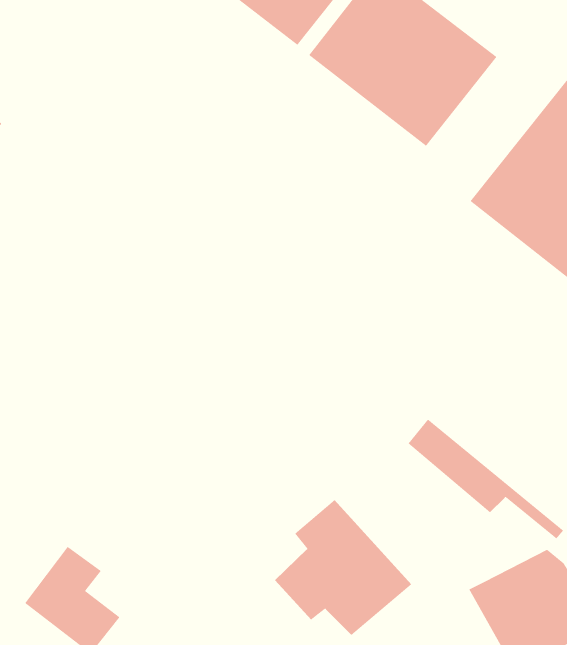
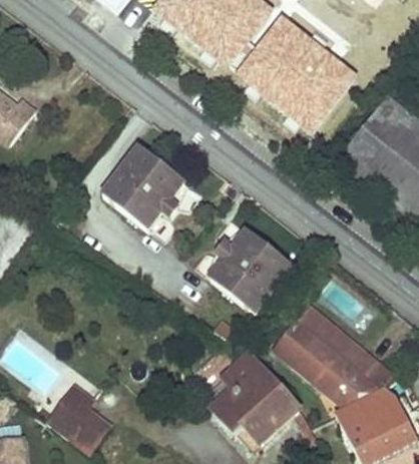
building: none -> [99,148,181,230]
building: none -> [204,227,287,310]
building: none -> [275,318,393,407]

